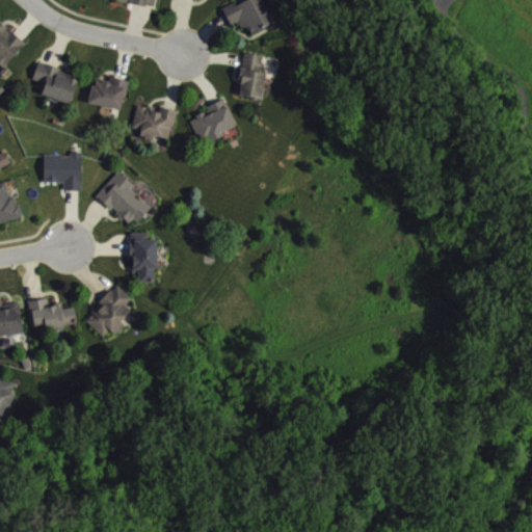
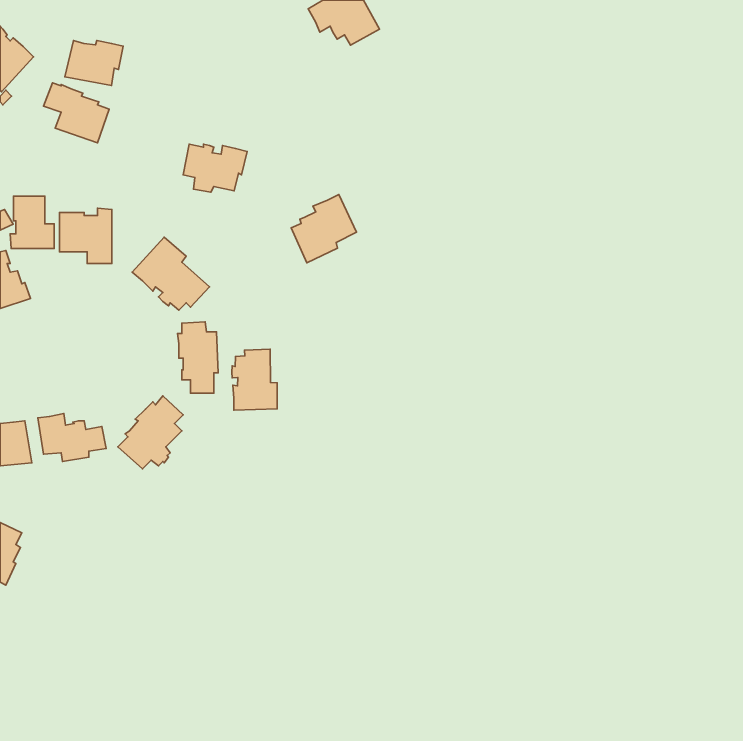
building: [236,52,265,100] -> none
building: [86,77,128,109] -> [65,40,123,86]
building: [188,97,235,145] -> [291,194,356,263]
building: none -> [10,196,54,249]
building: none -> [232,349,277,410]

